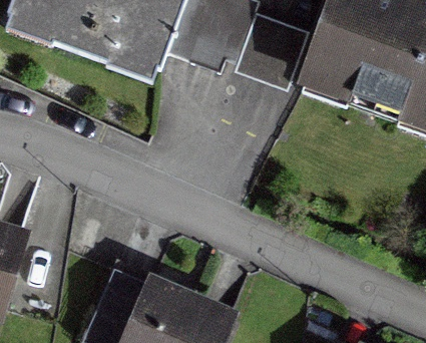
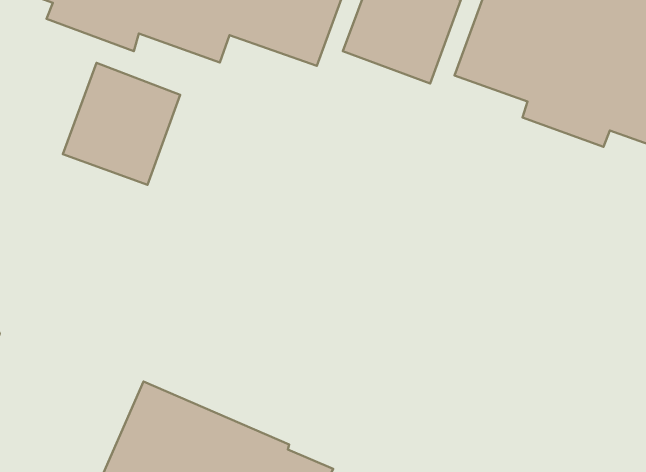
building: none -> [63,63,180,185]

